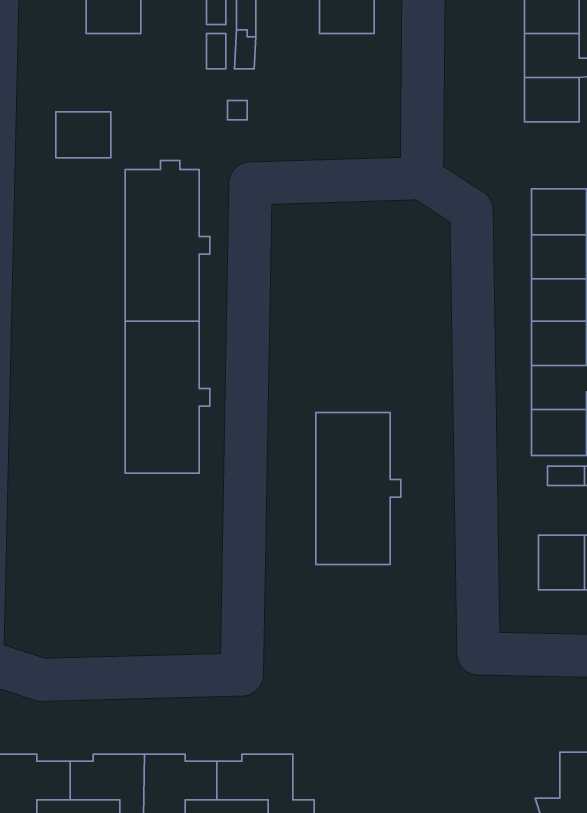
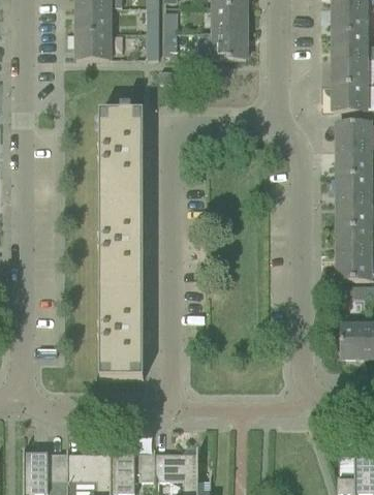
building: none -> [213,31,245,58]
building: [56,112,111,158] -> [76,31,108,58]
building: none -> [333,83,365,110]
building: [316,412,401,564] -> [99,288,149,377]

